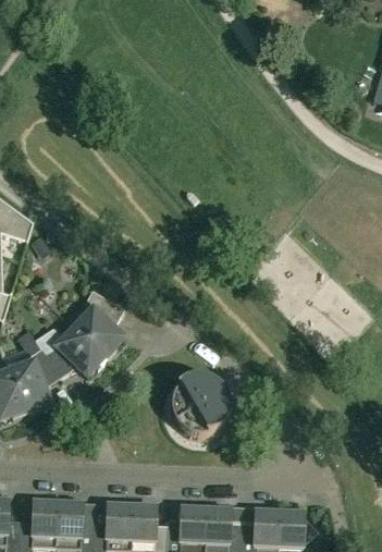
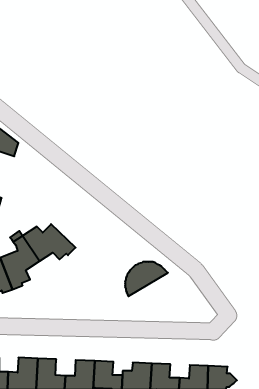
building: [73,289,122,357] -> none
building: [173,390,229,436] -> none

